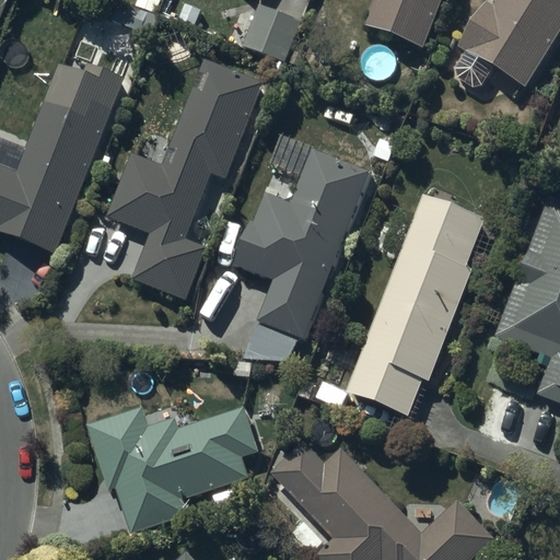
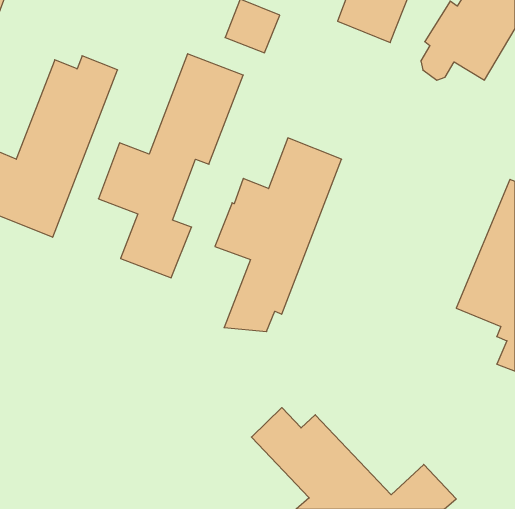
building: [347,196,483,415] -> none
building: [89,407,256,533] -> none

